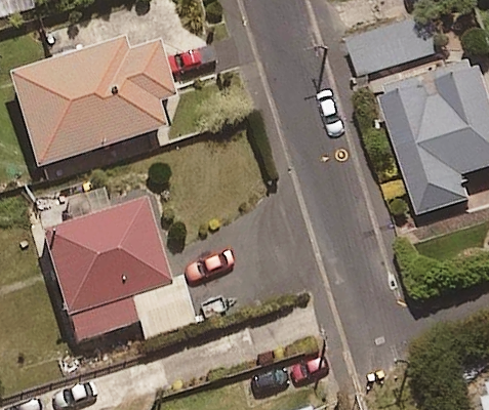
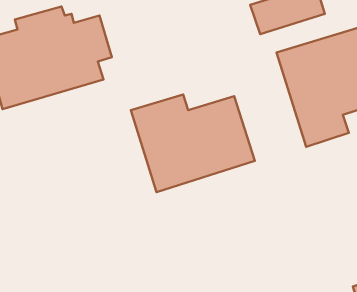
building: none -> [131,94,255,192]
building: [43,204,193,338] -> none

